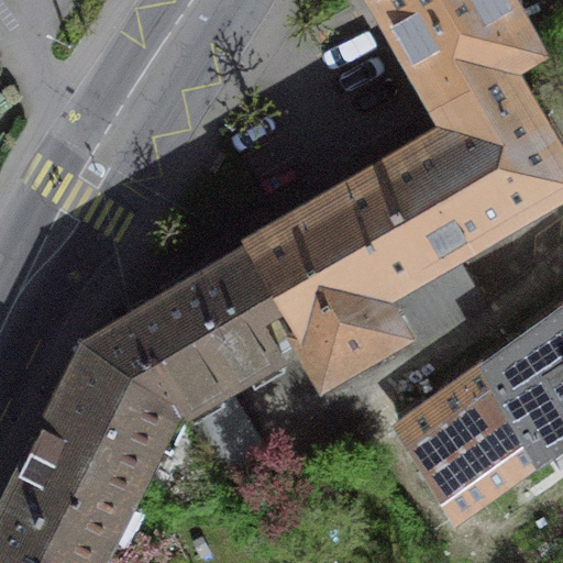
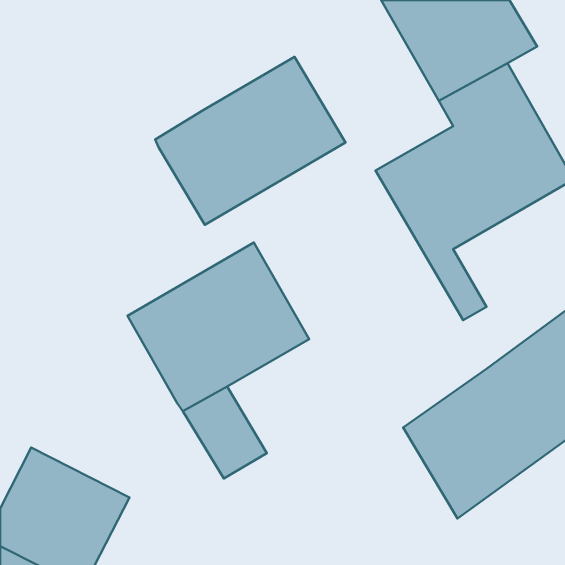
building: none -> [155,57,345,225]
building: [253,170,461,372] -> none
building: [32,314,177,495] -> none

